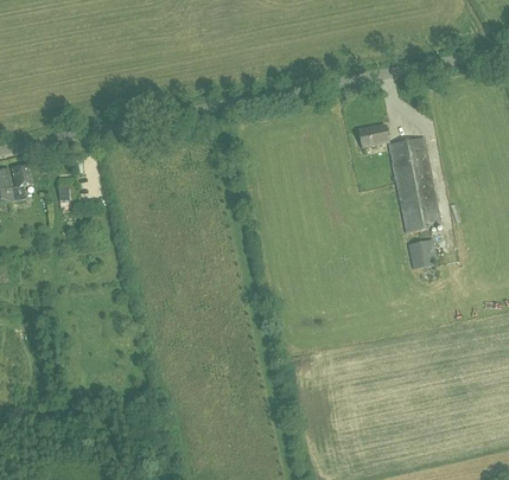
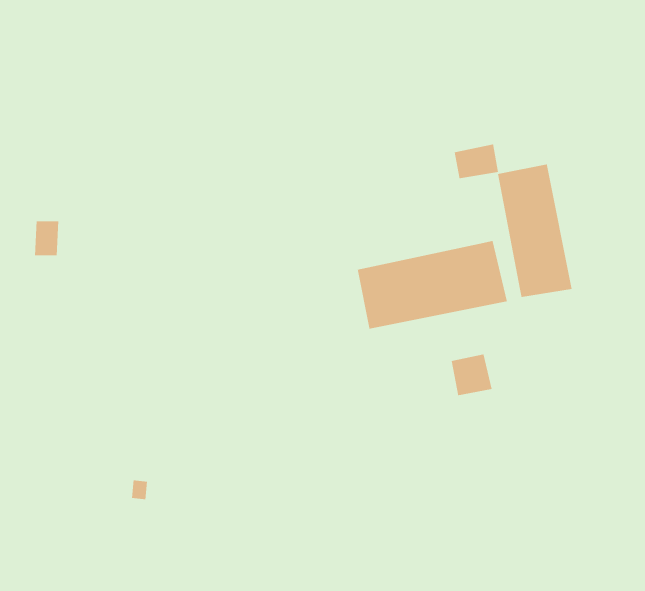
building: none -> [357,240,507,330]
building: [408,238,438,268] -> [451,354,493,396]

